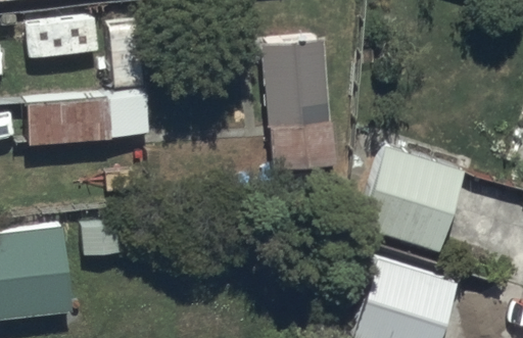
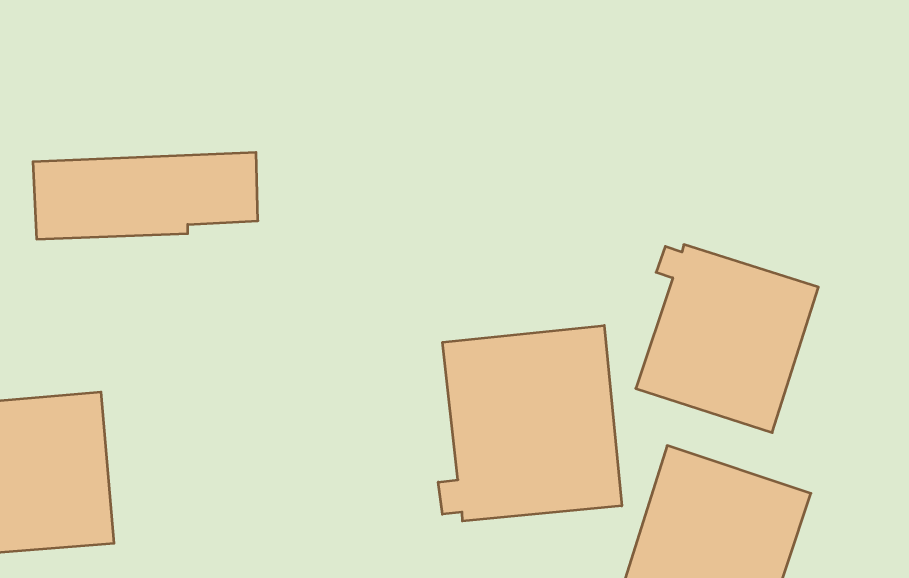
building: [262,39,334,171] -> none
building: none -> [438,325,622,521]

